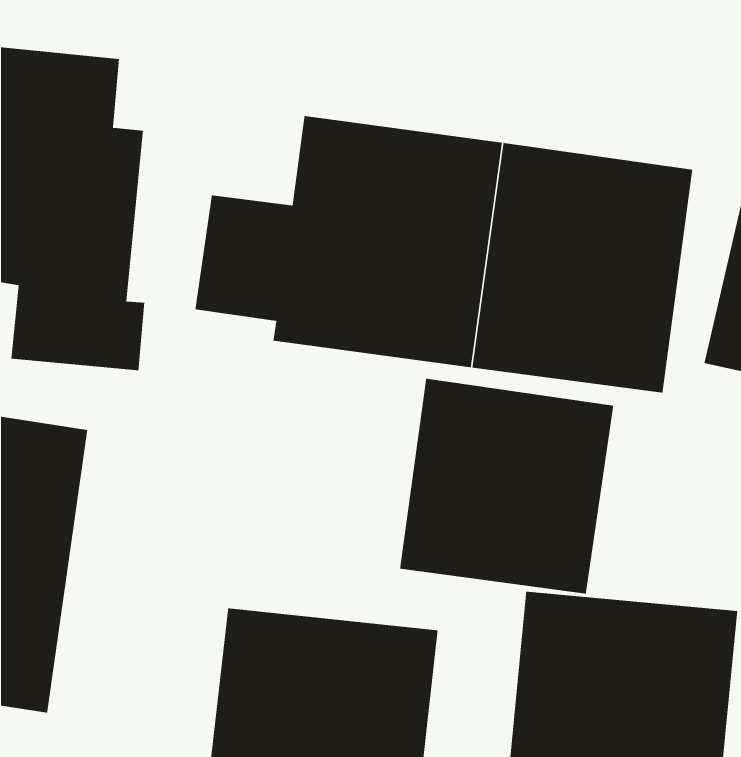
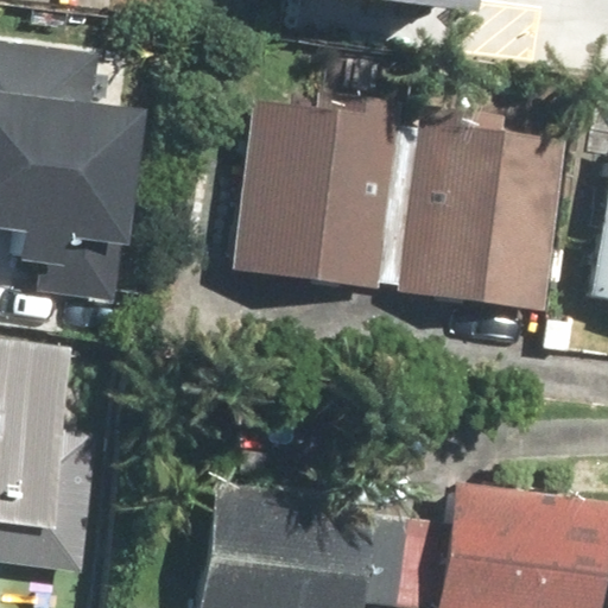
building: [399,378,614,595] -> none

